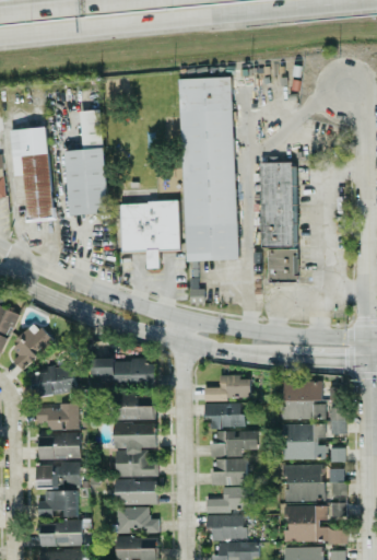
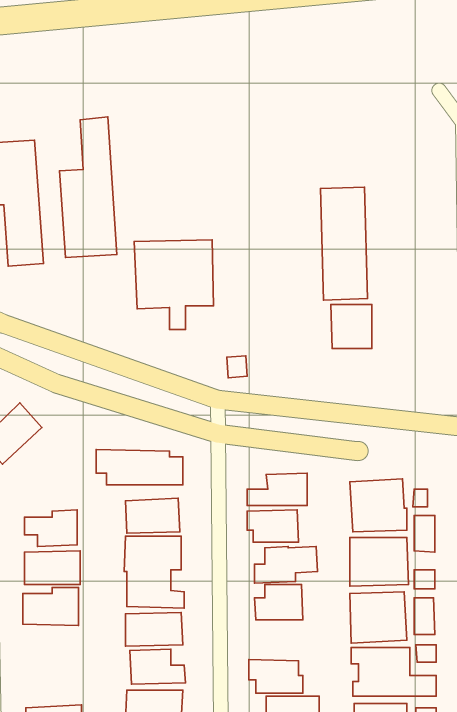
building: [180,77,239,261] -> none
building: [32,365,76,396] -> none
building: [207,487,252,511] -> none
building: [38,490,78,516] -> none
building: [40,521,82,546] -> none

